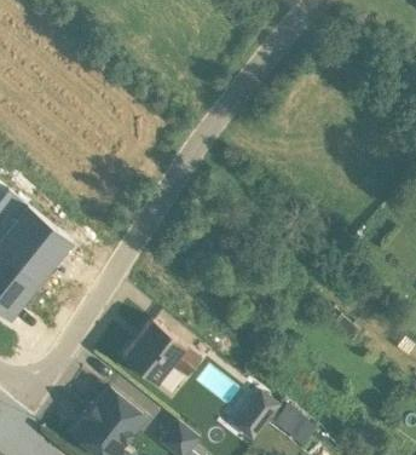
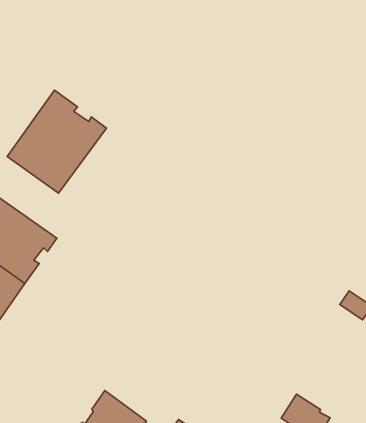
building: none -> [7,90,107,193]
building: [121,321,200,386] -> none

